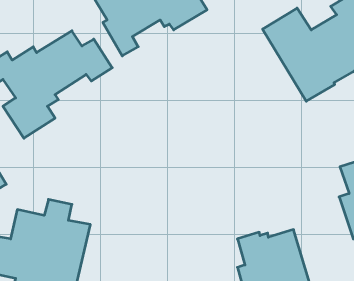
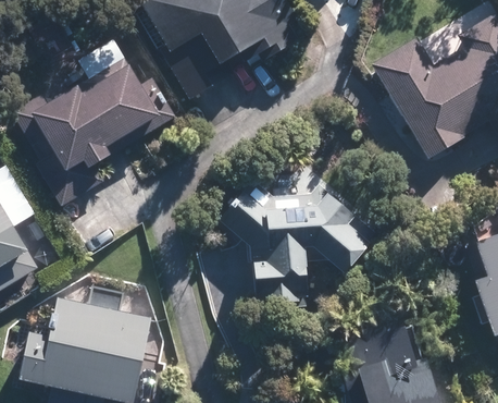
building: none -> [221,179,377,304]

